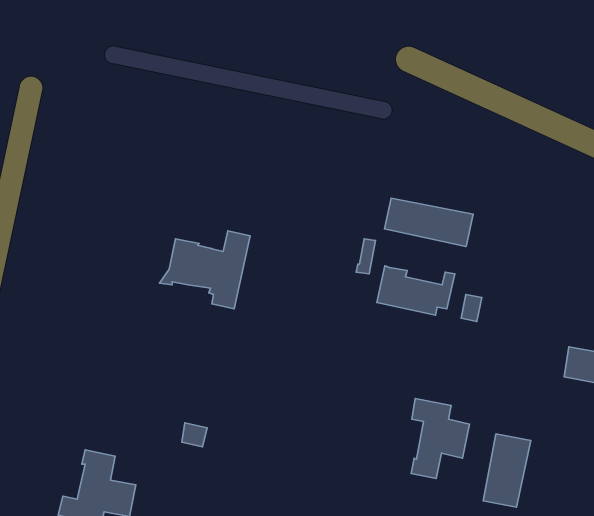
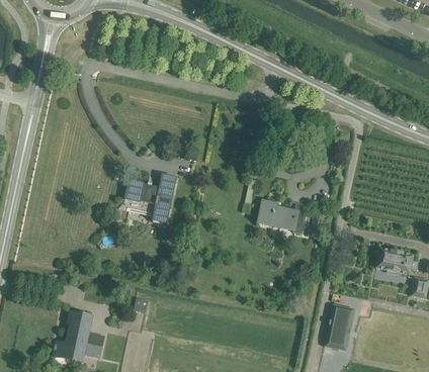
building: [385,198,473,246] -> none
building: [411,399,470,479] -> none

